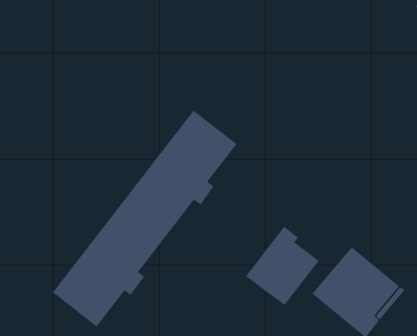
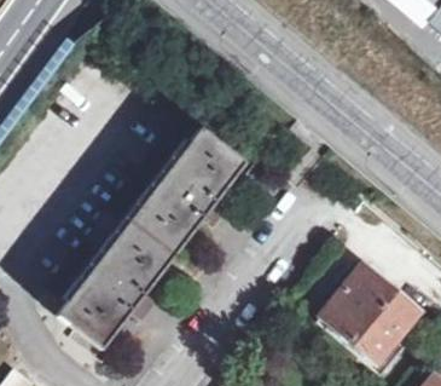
building: [245,226,319,306] -> none

